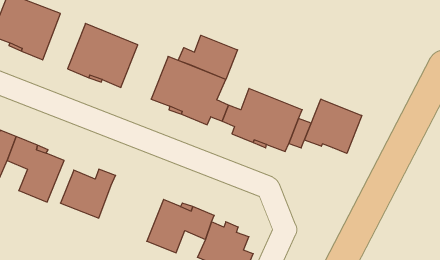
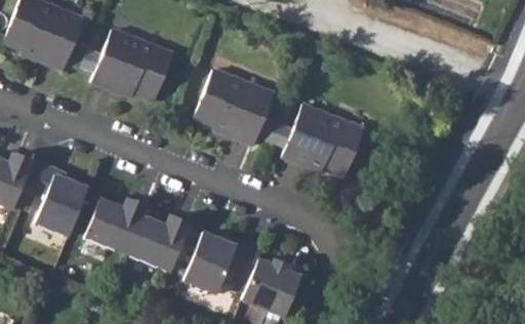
building: [178,35,238,79] -> none
building: [304,99,362,153] -> none
building: none -> [127,214,189,271]

